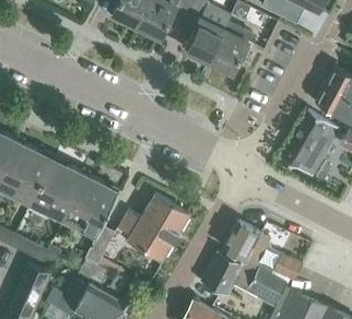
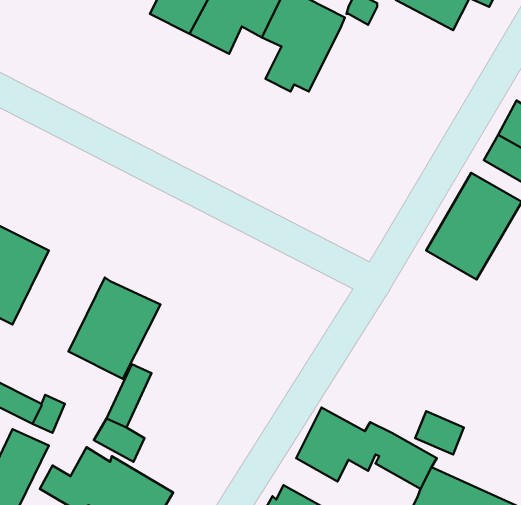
building: [209,23,253,74] -> none
building: [30,158,85,220] -> none
building: [117,194,189,261] -> none
building: [224,223,270,267] -> none

